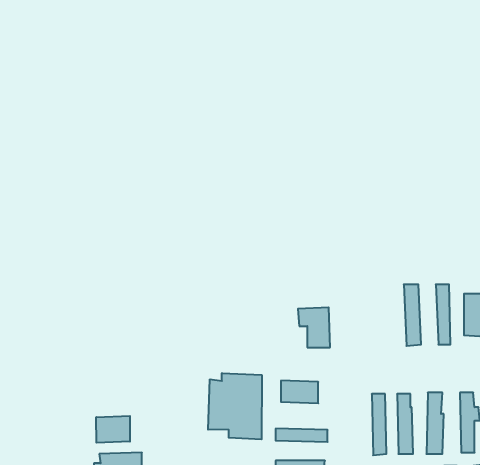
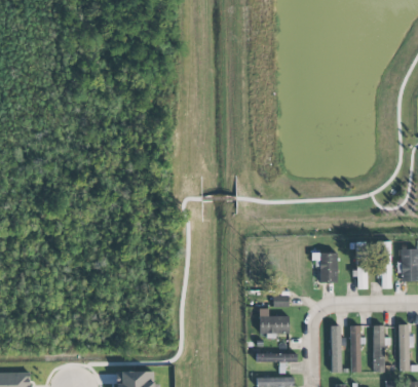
building: [298,307,330,347] -> [312,253,337,283]
building: [208,373,262,439] -> none
building: [96,416,130,443] -> none

